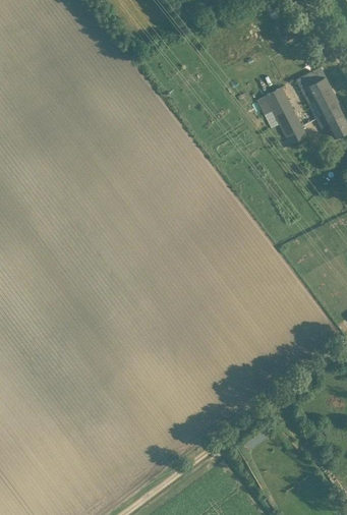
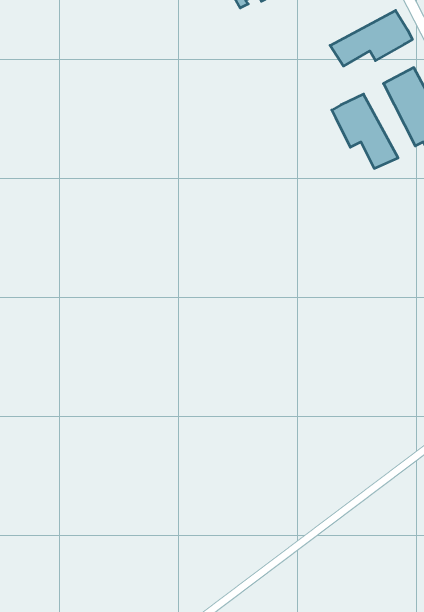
building: none -> [330,10,412,66]

